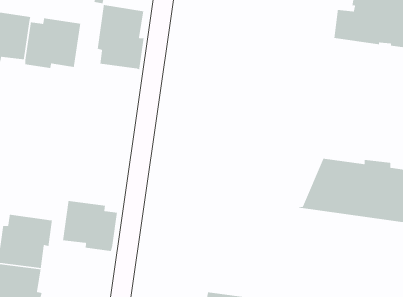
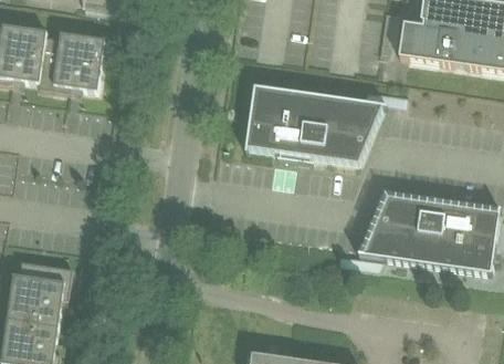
building: [97,4,144,70] -> none
building: none -> [243,84,386,162]
building: [62,200,118,252] -> none

